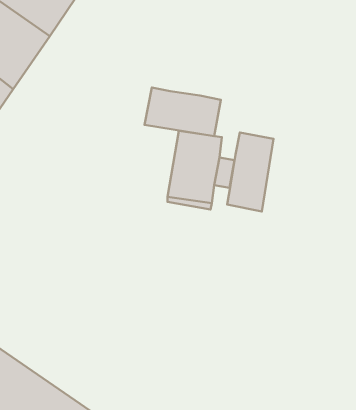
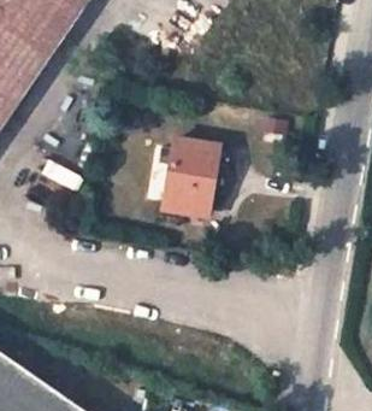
building: [144,88,221,136] -> none
building: [227,132,273,211] -> none

